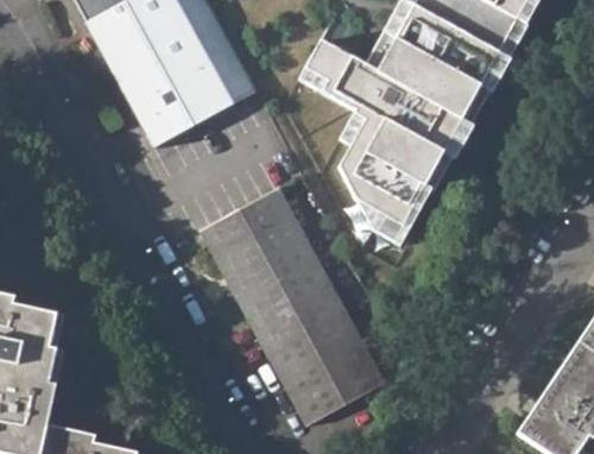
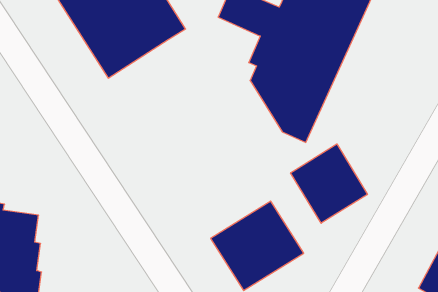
building: [201,188,348,357] -> none
building: none -> [291,144,367,223]

